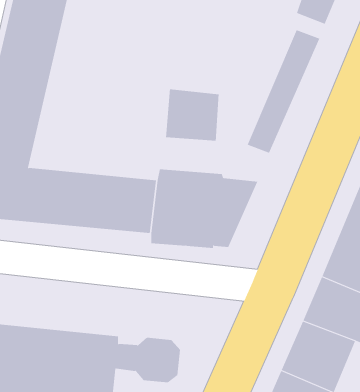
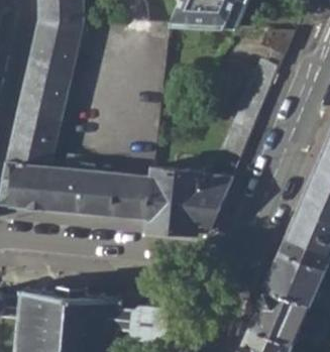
building: [166,88,219,141] -> none

